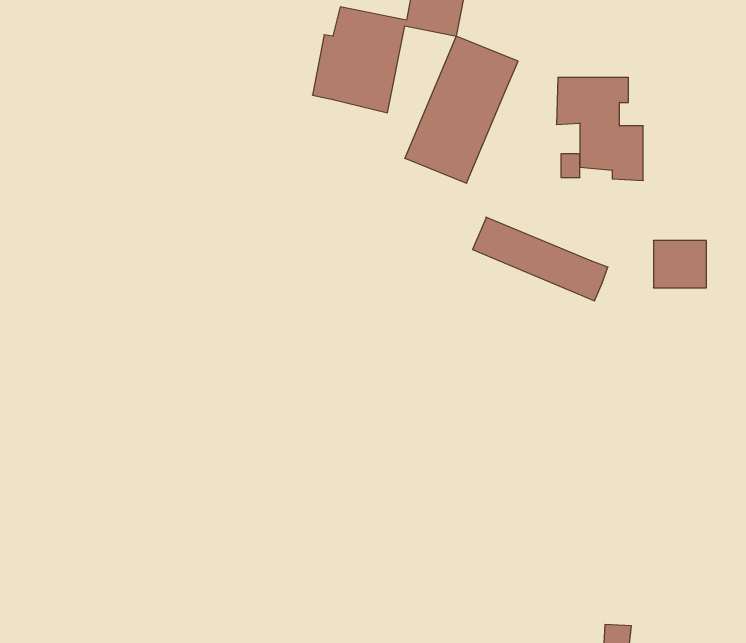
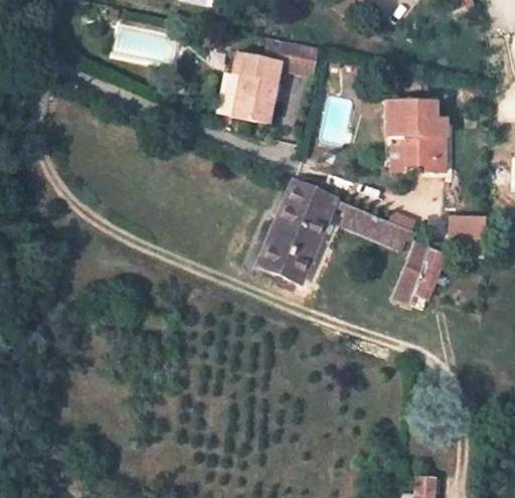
building: [405,36,518,183] -> [259,181,336,282]
building: none -> [401,242,445,298]

